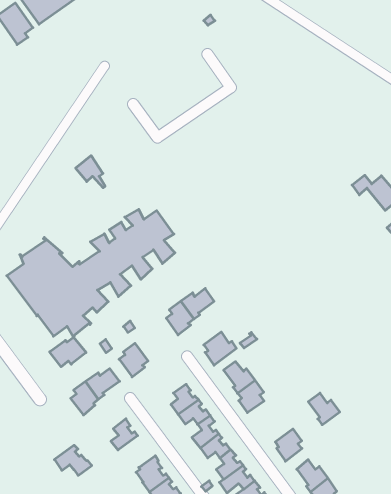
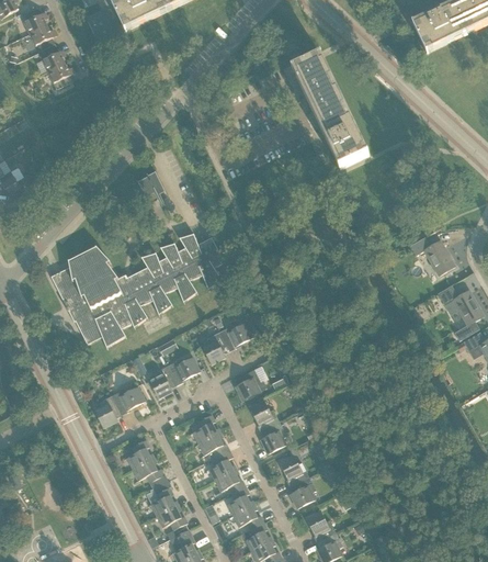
building: none -> [292,55,368,168]
building: none -> [167,356,200,384]
building: [50,337,86,367] -> none
building: [308,393,340,425] -> [280,454,309,486]
building: [54,445,92,475] -> [132,457,168,487]

